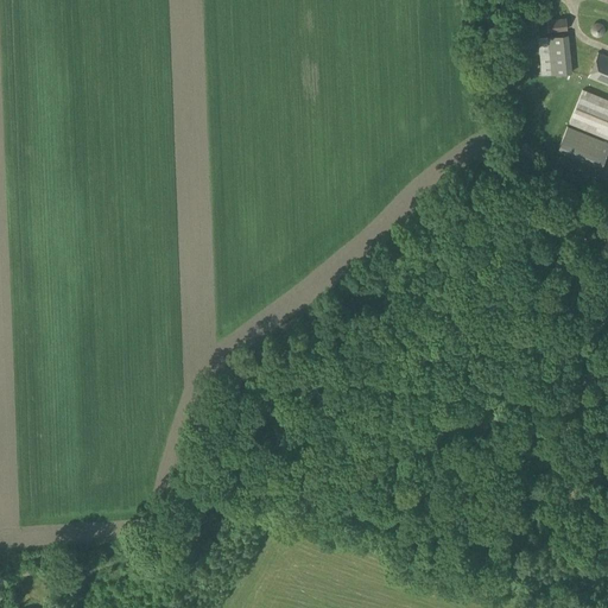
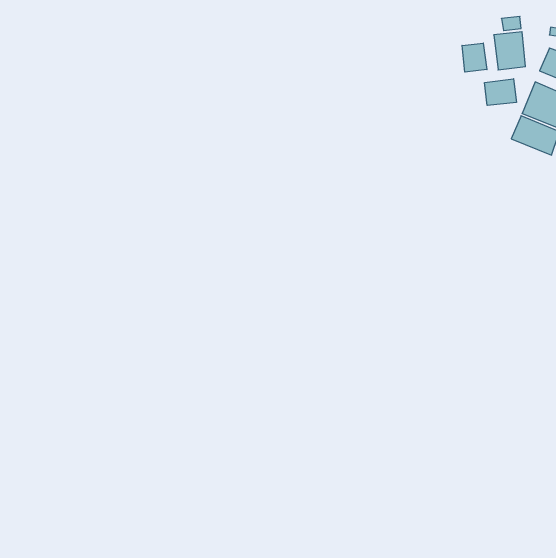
building: none -> [462,43,487,72]
building: none -> [485,79,516,105]

